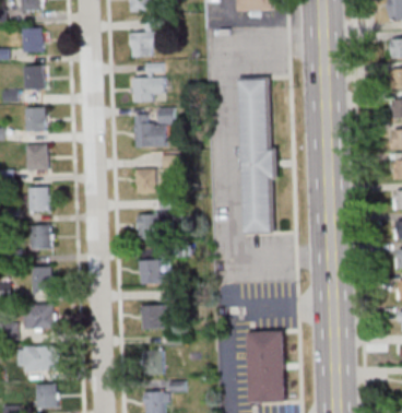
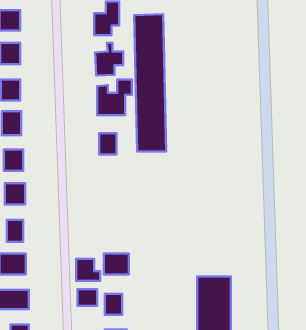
building: [239,76,275,233] -> [134,14,166,152]
building: [138,214,159,238] -> none
building: [140,259,167,284] -> [76,259,100,281]
building: none -> [78,289,97,306]

